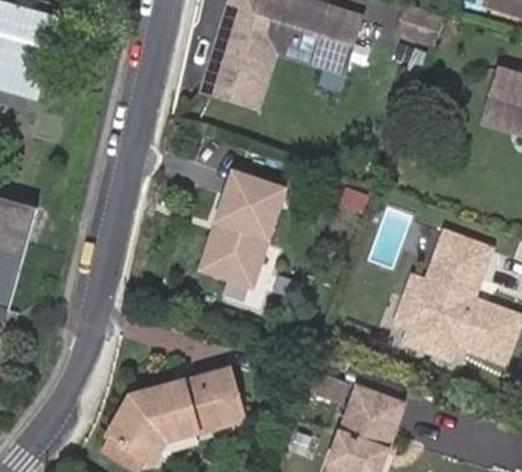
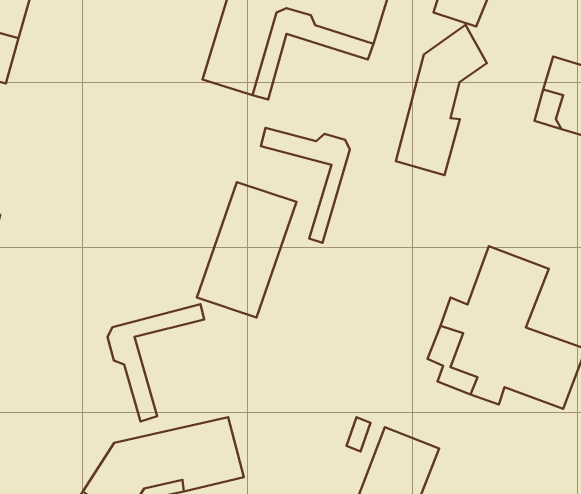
building: none -> [396,25,487,175]
building: none -> [261,128,350,243]
building: none -> [108,304,204,421]

